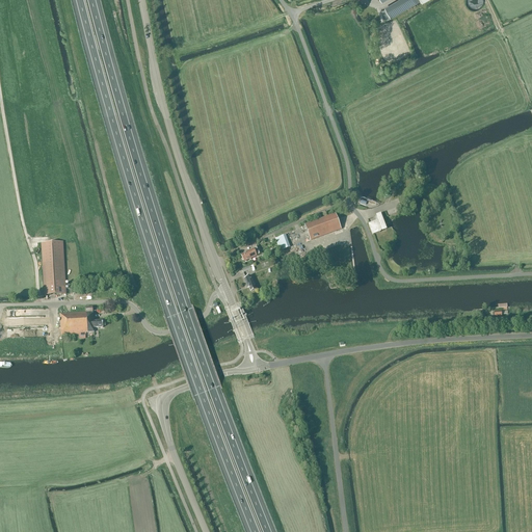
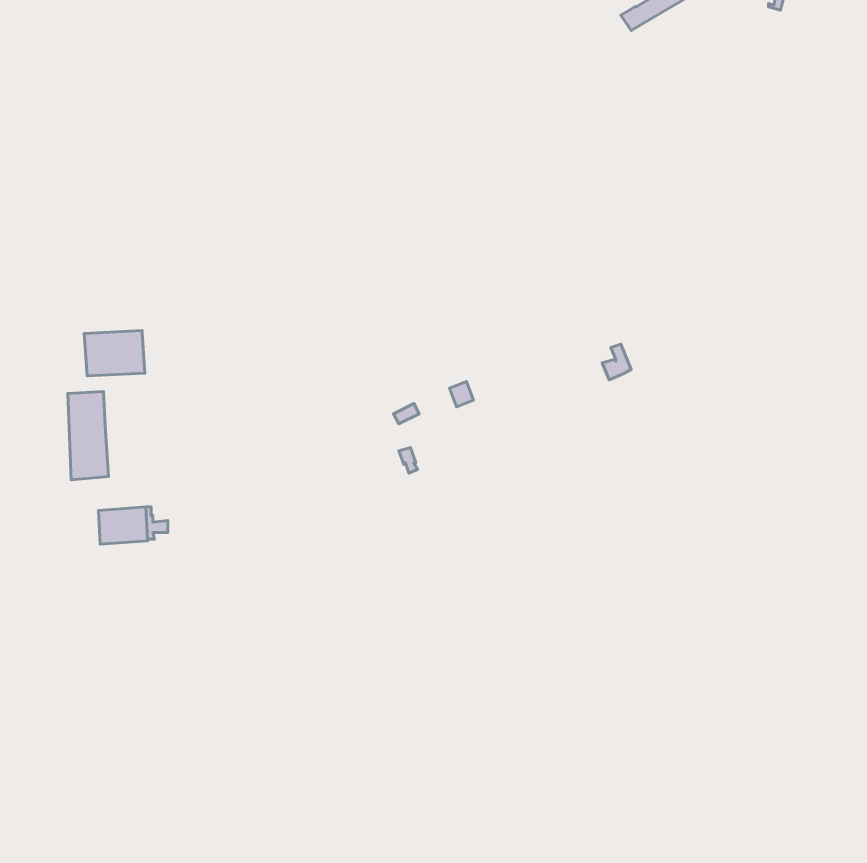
building: none -> [84,331,145,376]
building: [304,212,342,239] -> none

